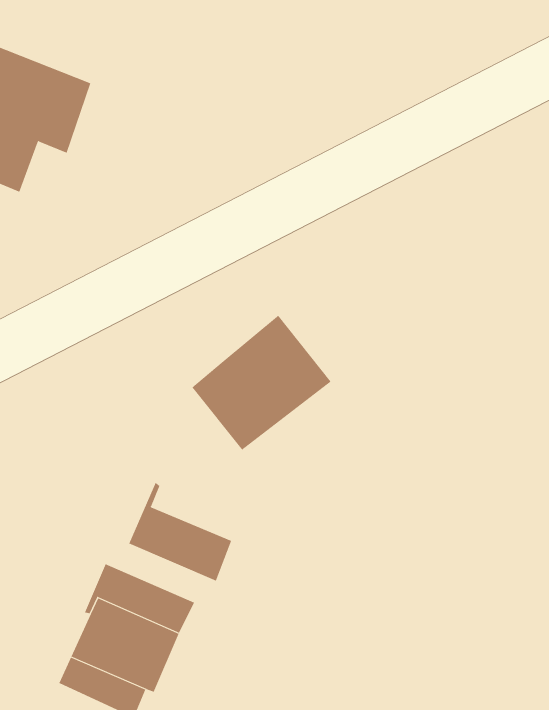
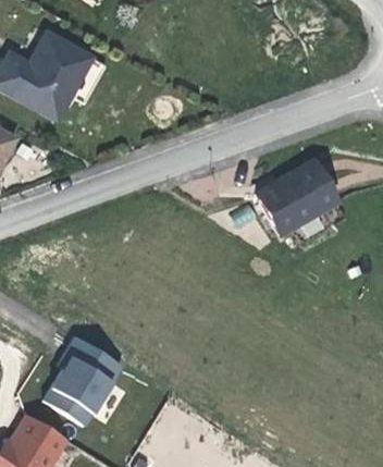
building: [191,315,331,451] -> [243,153,322,228]
building: [128,482,232,581] -> none

